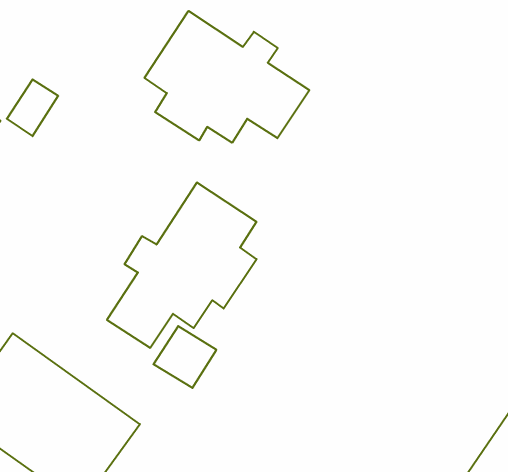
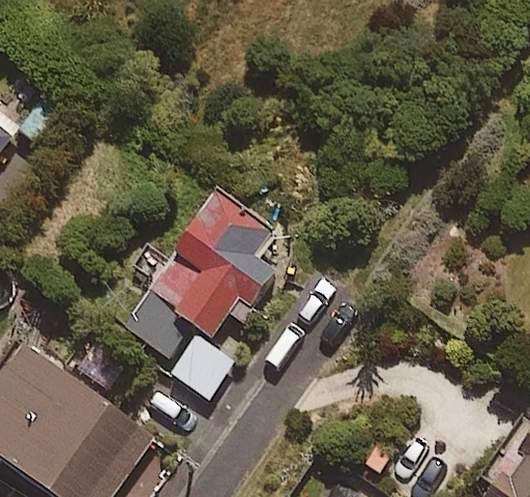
building: [145,11,309,143] -> none

